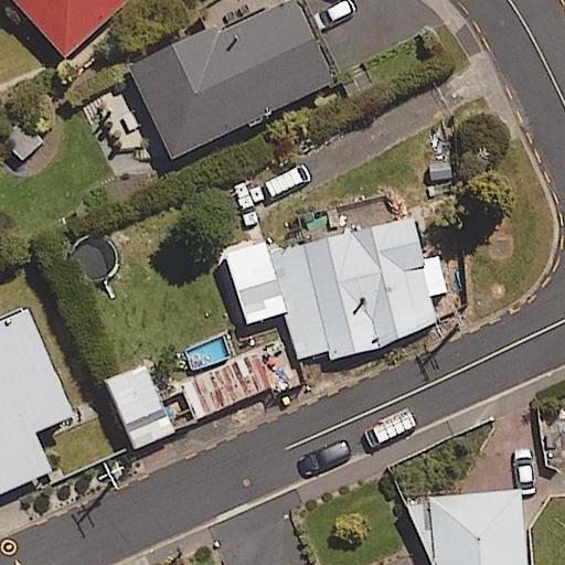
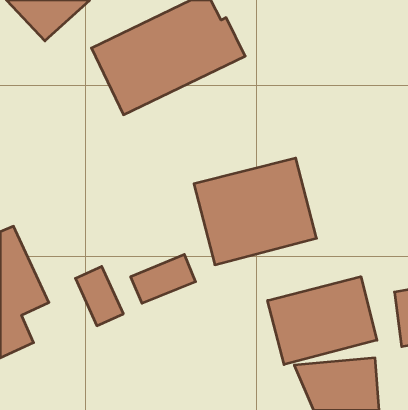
building: none -> [268,277,377,365]

